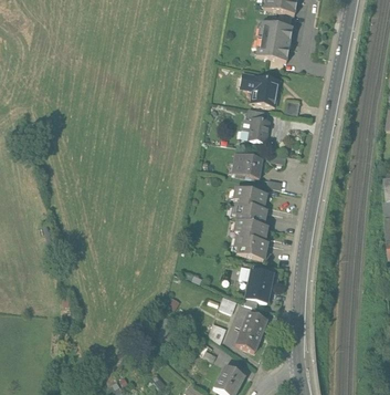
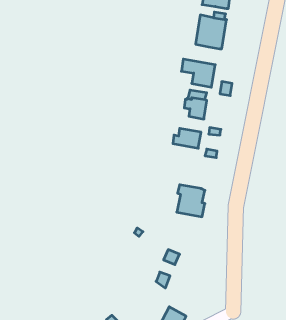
building: [232,186,265,224] -> none
building: [240,266,272,299] -> none
building: [236,311,267,350] -> none

